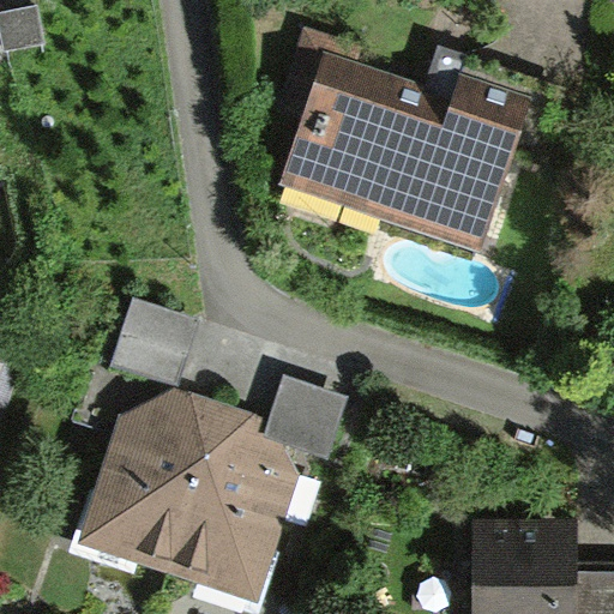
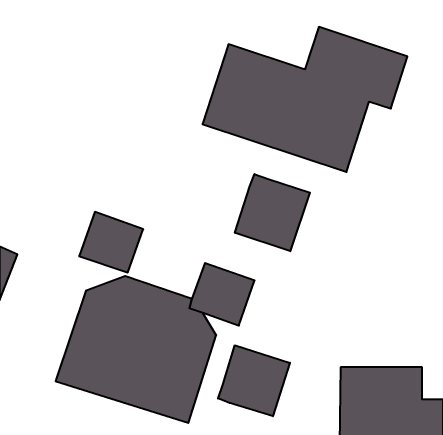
building: none -> [235,174,310,251]
building: none -> [218,345,290,416]

